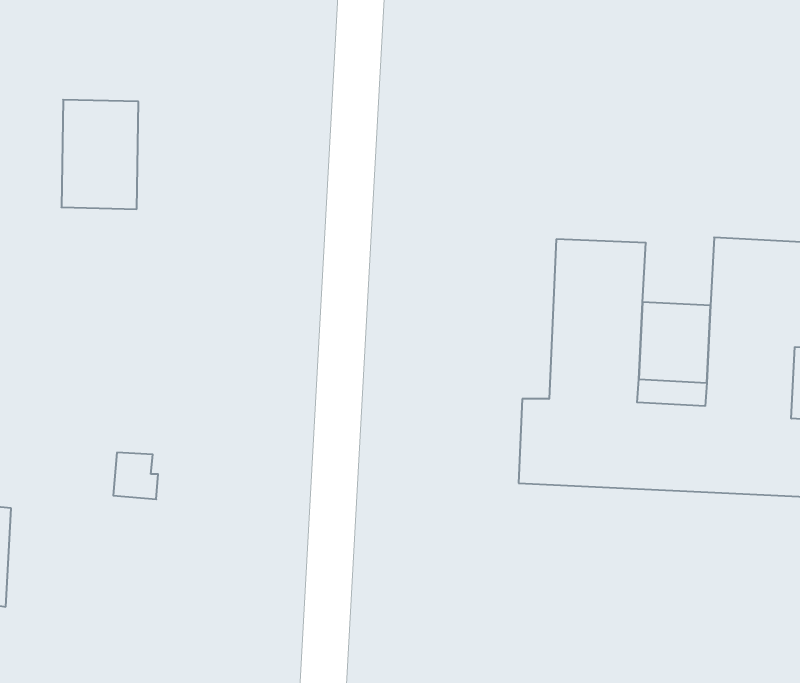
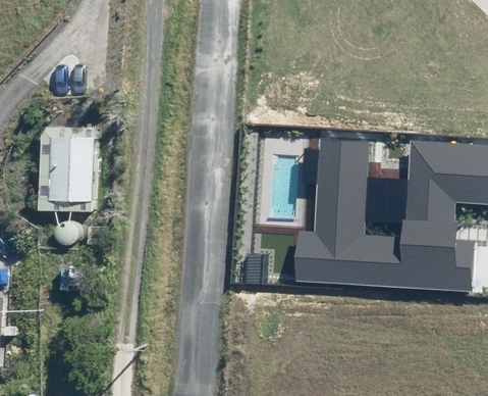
building: [61,100,138,209] -> [55,136,99,198]

